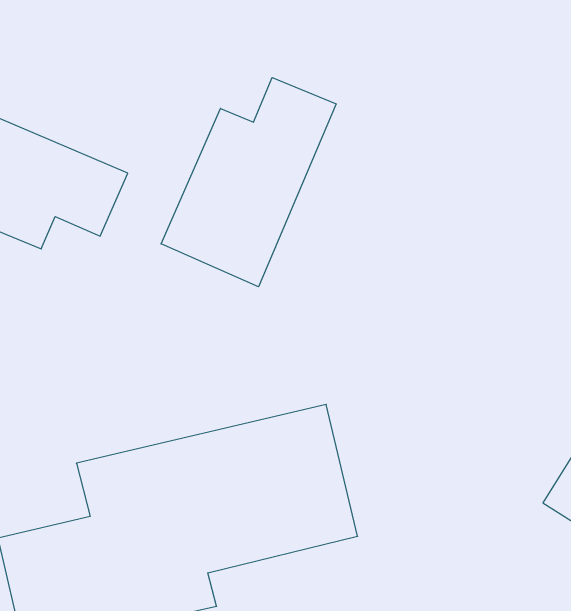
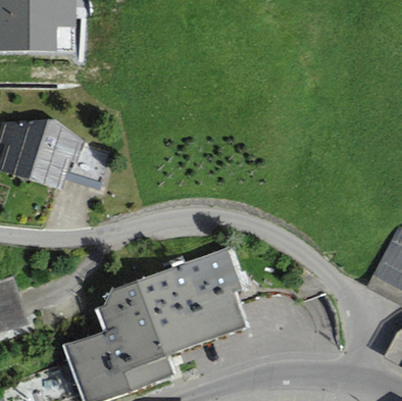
building: [161,78,336,287] -> none

